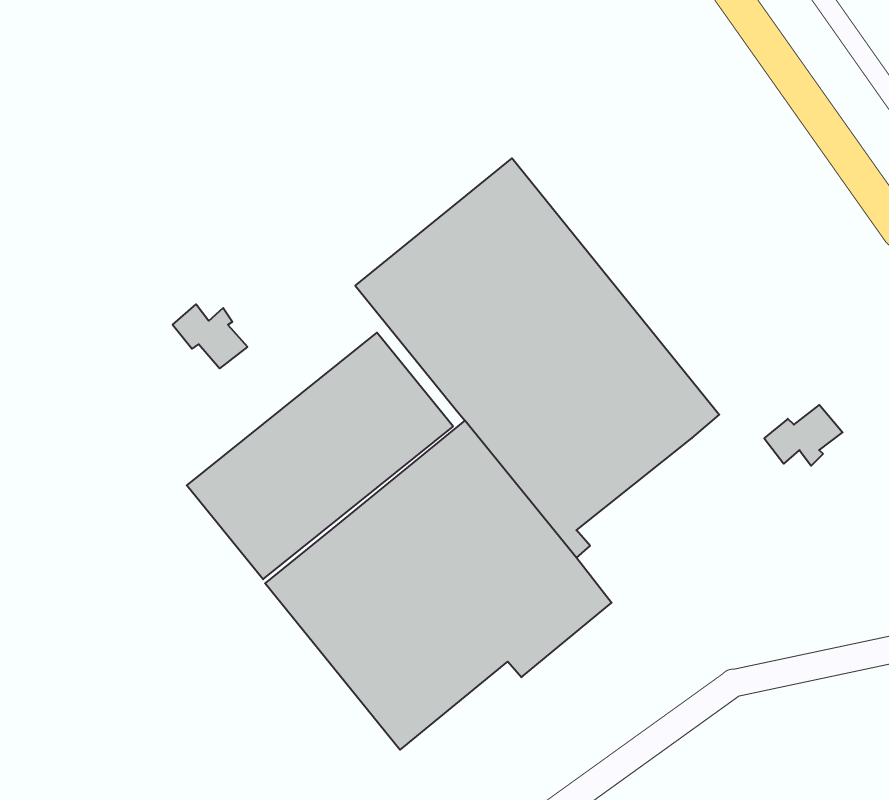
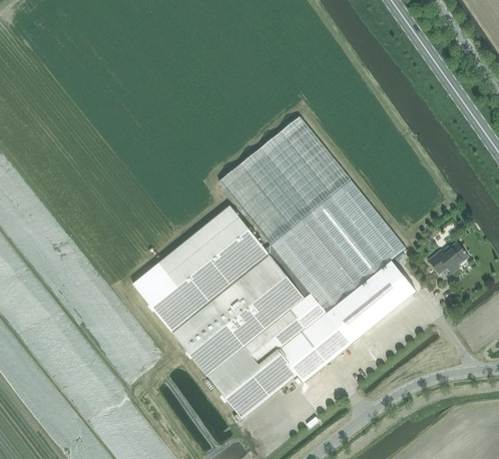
building: [173,304,247,368] -> none
building: none -> [332,260,417,345]

